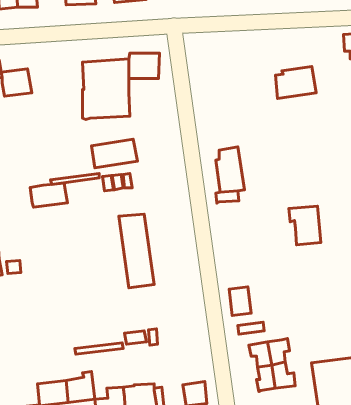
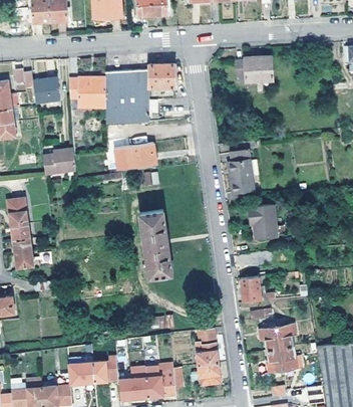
building: none -> [70,74,107,108]
building: [275,66,316,98] -> [239,52,276,81]
building: [30,183,68,207] -> [43,151,77,173]
building: [289,206,321,245] -> [253,206,282,241]
building: none -> [197,328,219,366]

